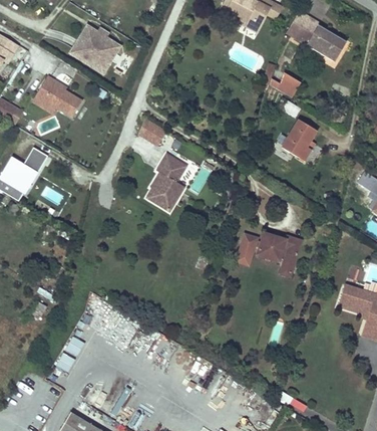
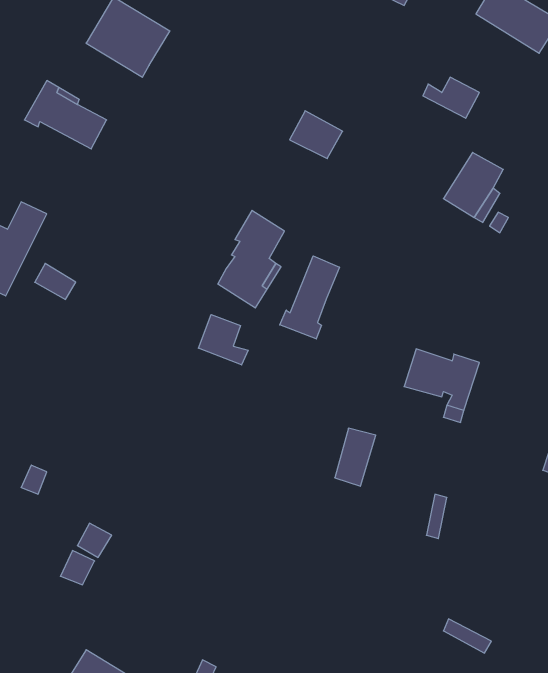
building: [136,119,167,147] -> [290,111,343,159]
building: none -> [280,256,339,339]
building: none -> [198,315,248,365]
building: [235,233,259,267] -> [335,428,376,486]

